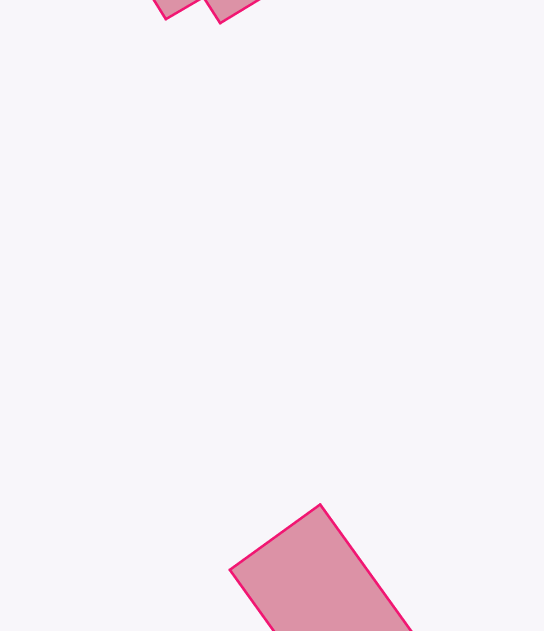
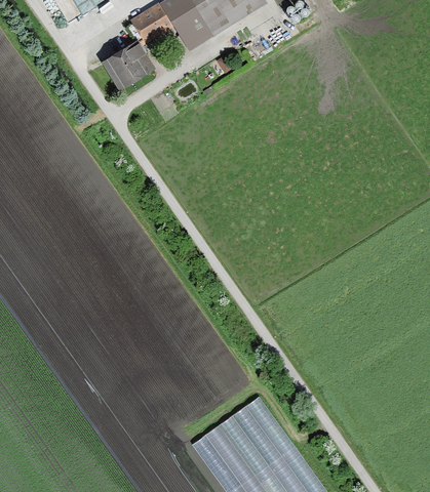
building: none -> [107,44,152,86]

